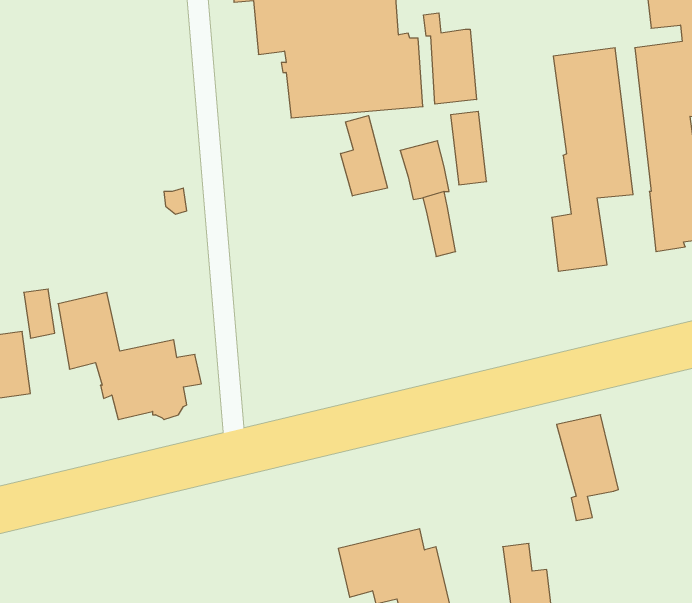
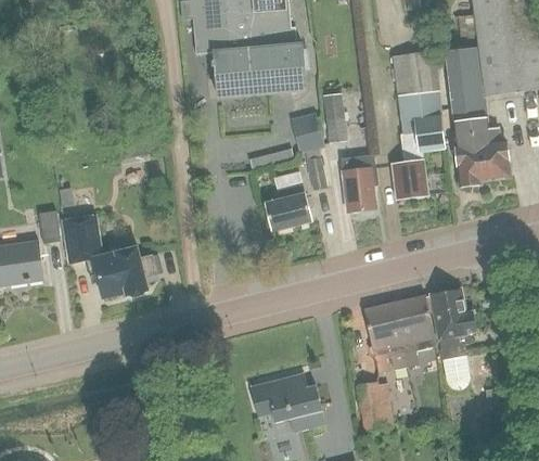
building: [424,13,477,104] -> none
building: [341,116,387,196] -> none
building: none -> [339,155,377,212]
building: none -> [264,183,311,230]
building: none -> [426,286,477,389]
building: none -> [362,300,407,372]

